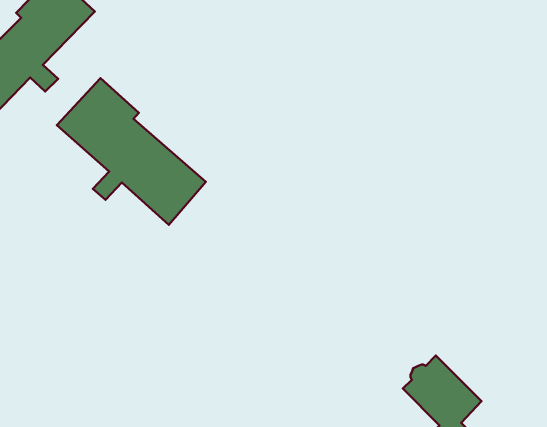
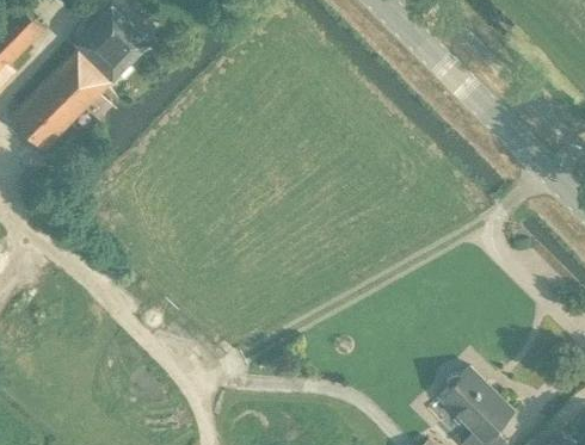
building: [57,78,206,225] -> none

